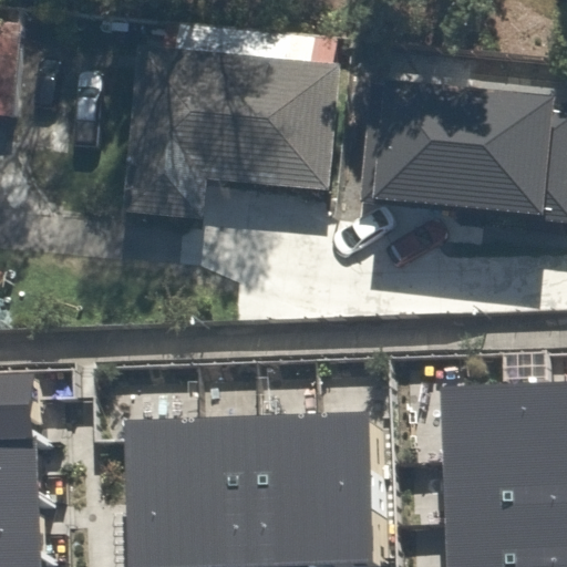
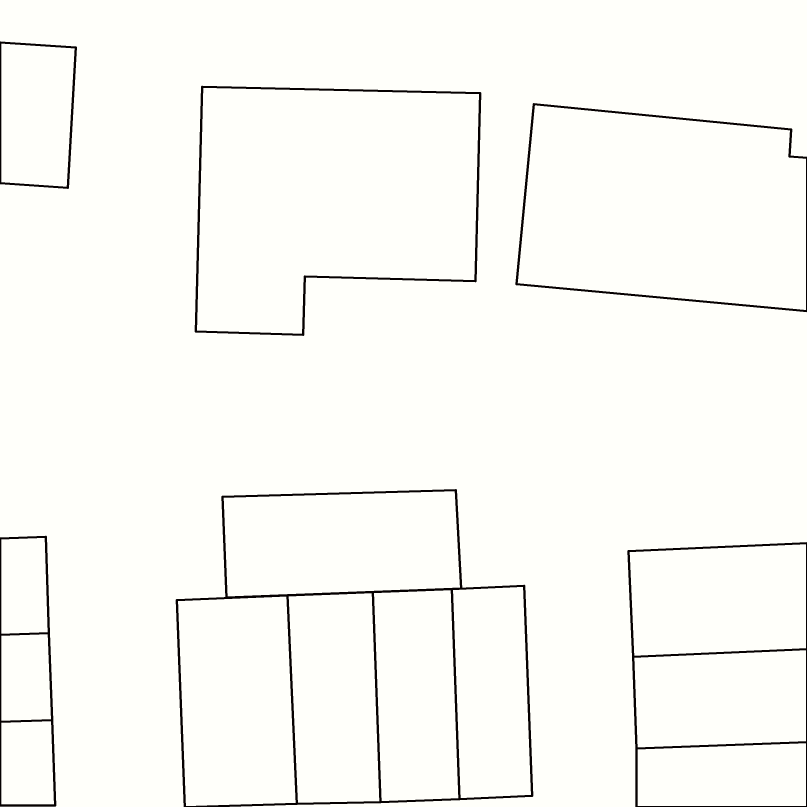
building: none -> [223,490,461,597]

